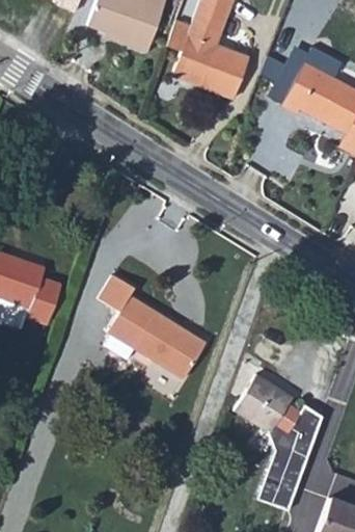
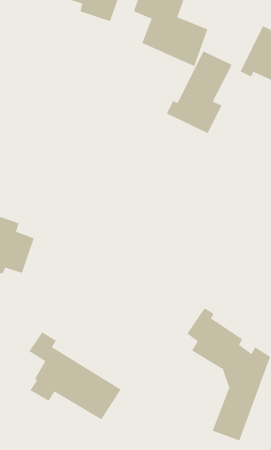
building: none -> [166,50,233,134]
building: [102,280,204,378] -> [29,331,121,420]

